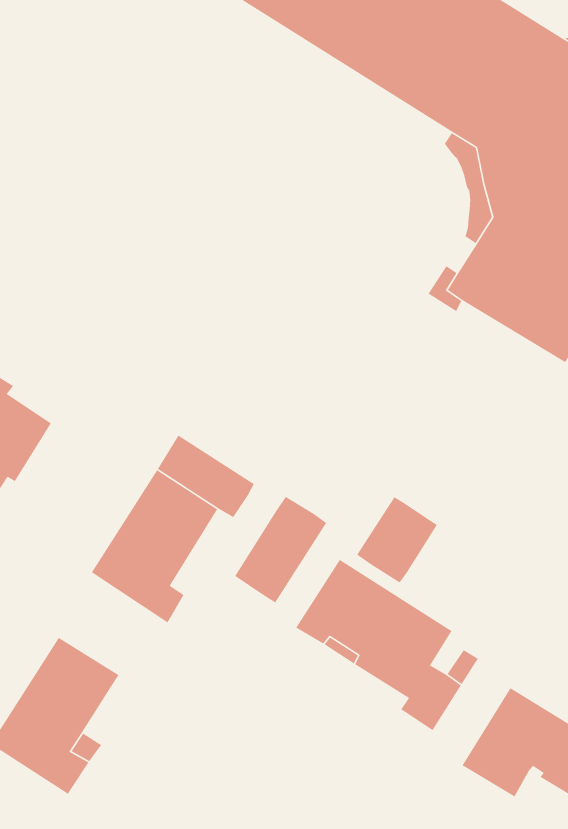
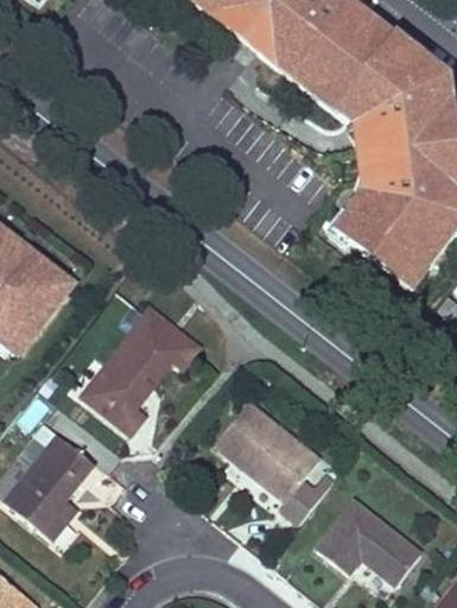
building: [234,496,327,604] -> none
building: [356,496,438,584] -> none

